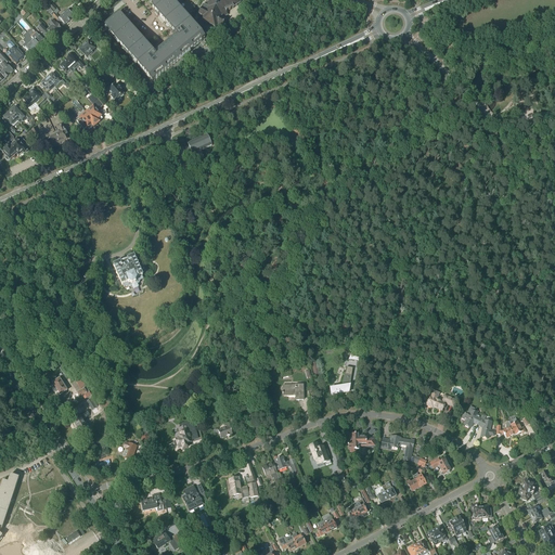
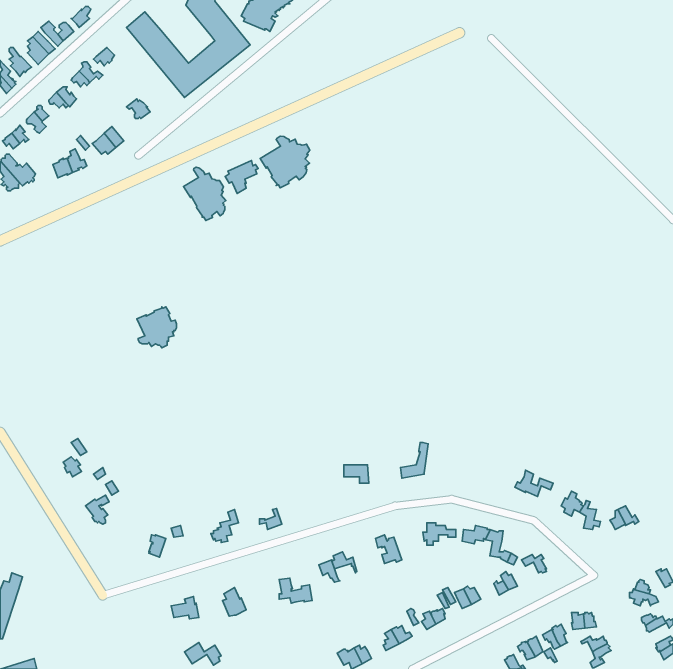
building: none -> [260,136,310,188]
building: none -> [184,167,226,220]

